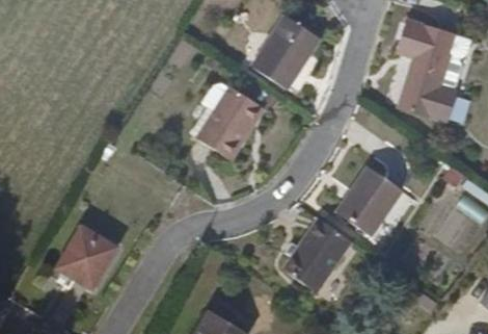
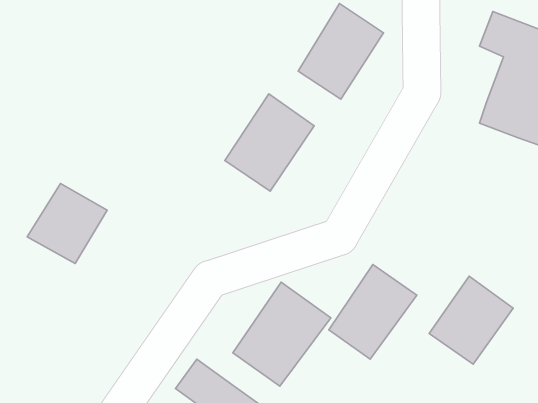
building: [335,165,401,234] -> [429,276,513,364]
building: [55,227,117,289] -> [27,184,107,264]
building: none -> [233,282,331,386]

